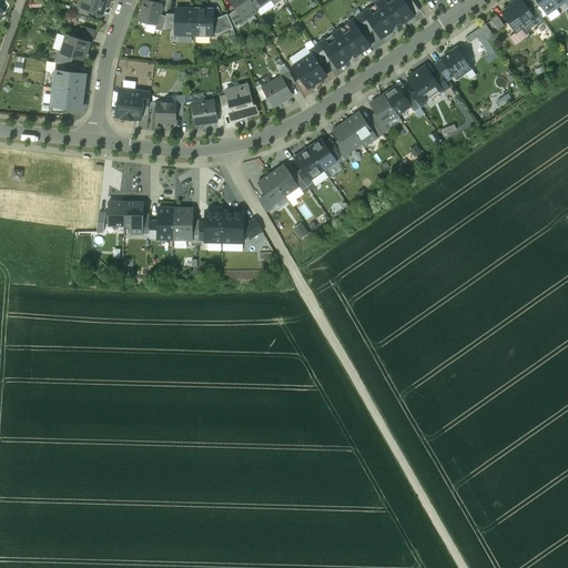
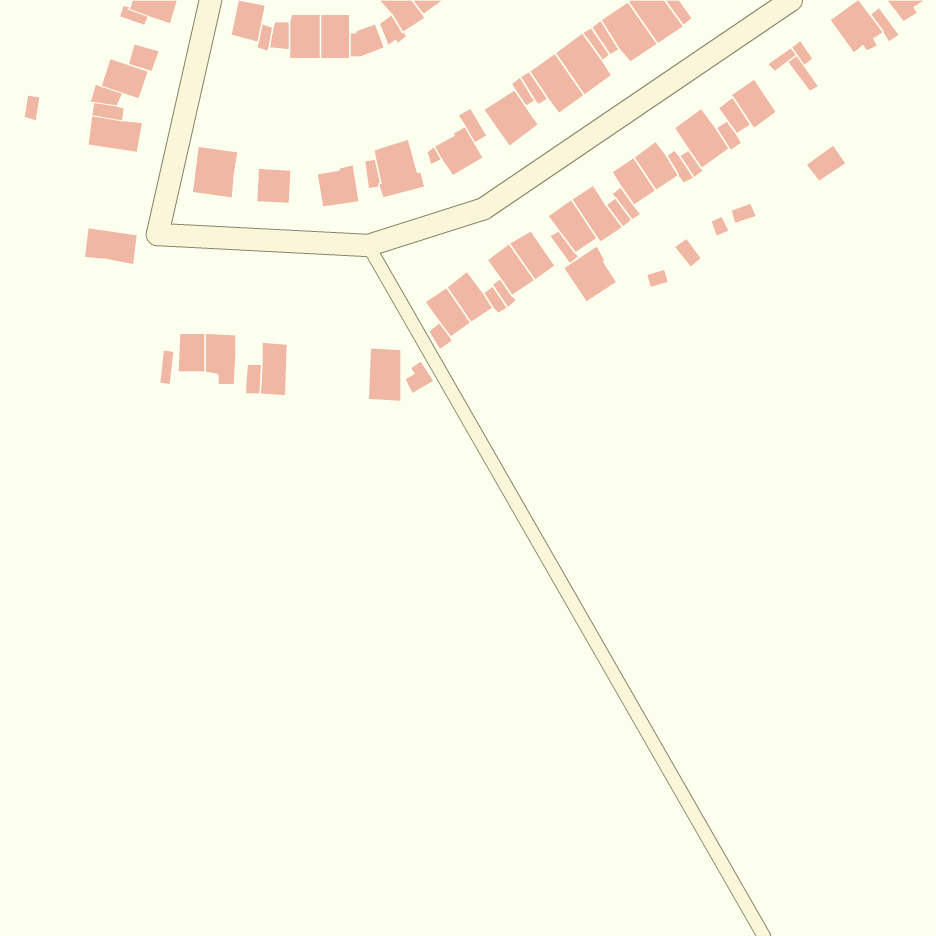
building: [51,88,83,110] -> [84,228,137,264]
building: none -> [564,246,617,302]
building: [173,209,192,240] -> none
building: [205,211,224,242] -> none

